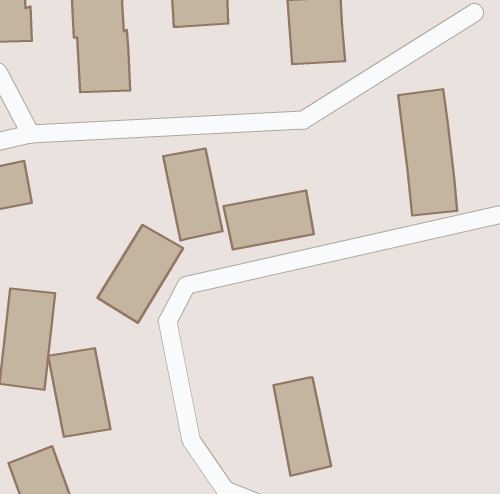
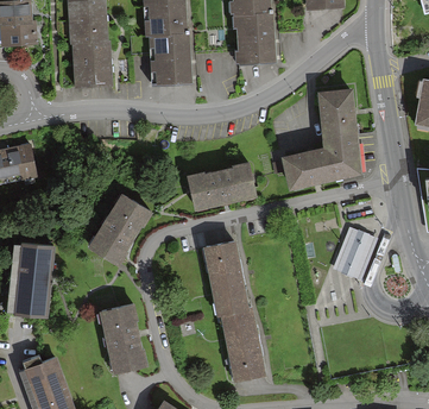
building: none -> [150,36,193,87]
building: [163,148,223,240] -> [204,243,250,313]
building: none -> [282,147,328,187]
building: none -> [333,227,376,278]
building: [48,348,111,437] -> [100,301,147,369]

